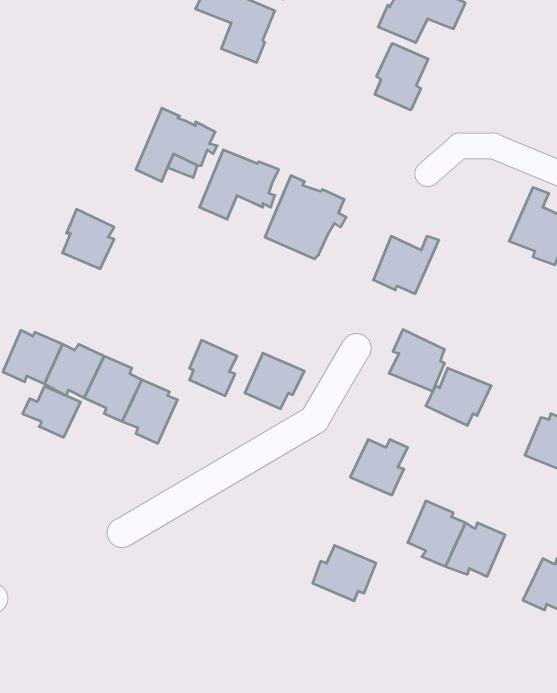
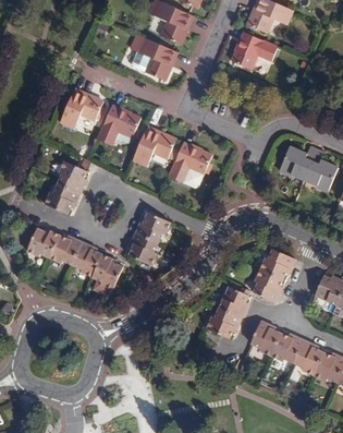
building: [375,43,428,110] -> none
building: none -> [61,89,105,129]
building: [373,236,439,294] -> [281,146,317,178]
building: none -> [47,184,79,214]
building: [389,330,445,391] -> [250,268,281,302]
building: [245,353,304,409] -> [135,211,168,241]
building: [23,386,80,437] -> none
building: none -> [292,339,322,375]
building: [313,545,376,601] -> [205,308,240,338]

